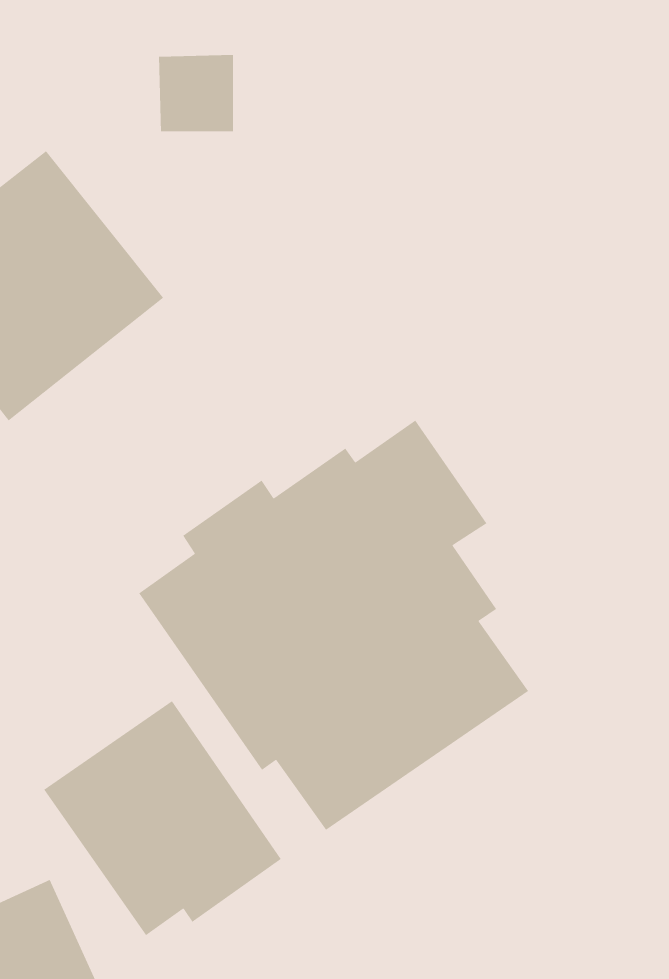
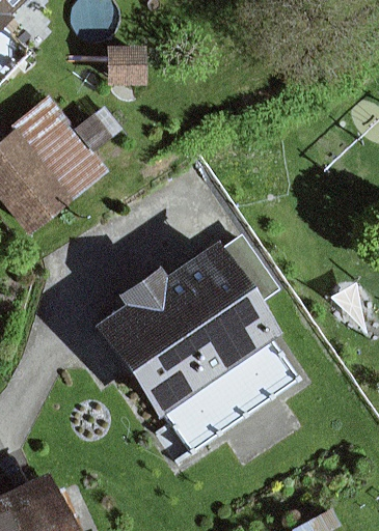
building: [43,700,282,936] -> none

